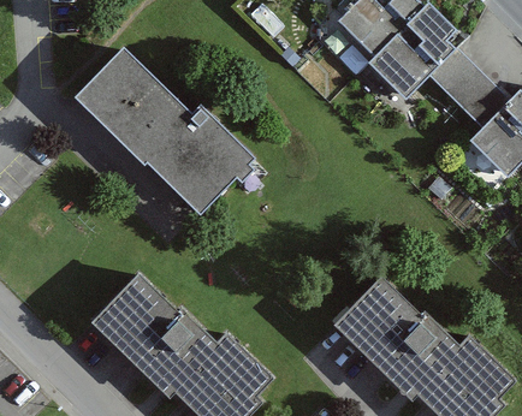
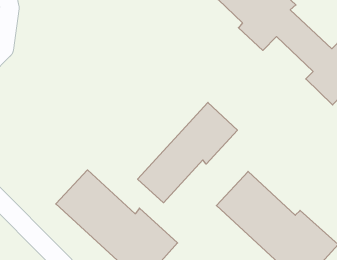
building: [78,47,259,213] -> none
building: none -> [138,102,237,203]

